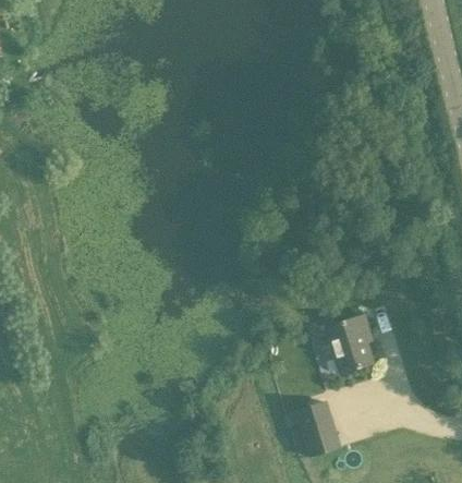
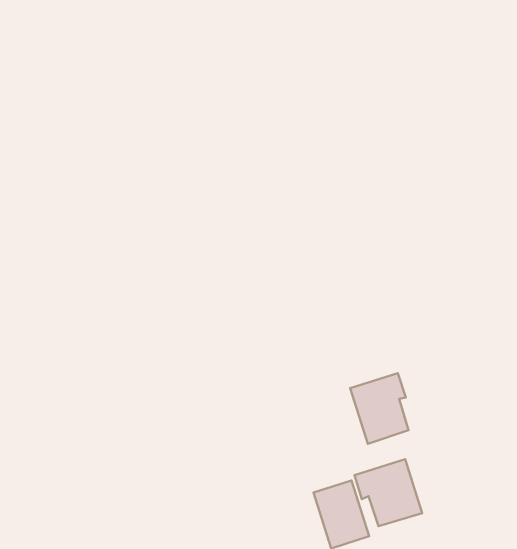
building: none -> [355,459,422,526]

